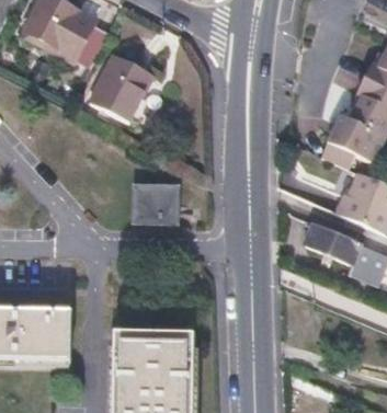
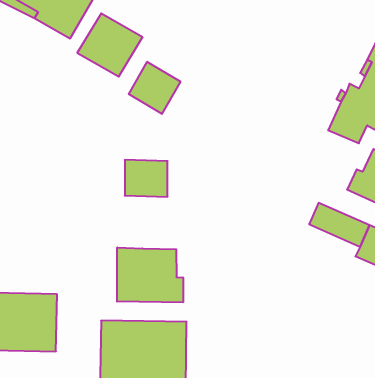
building: none -> [129,62,180,114]
building: none -> [117,247,183,302]

